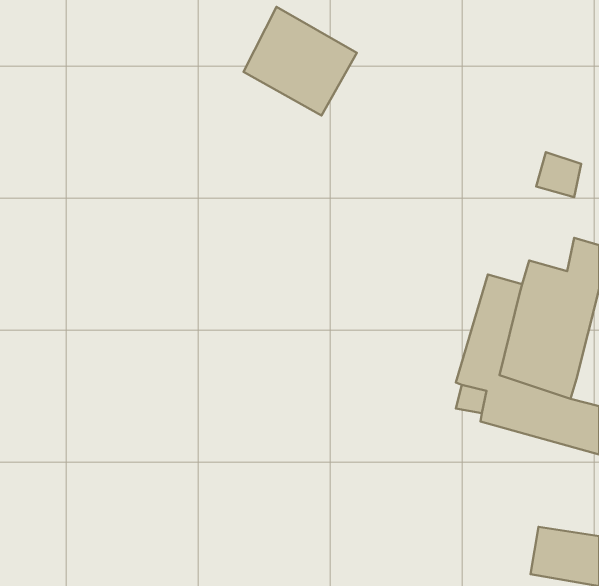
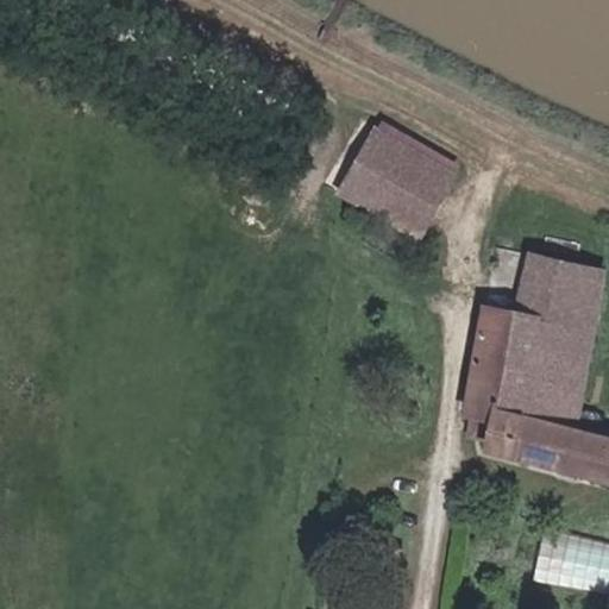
building: [243,7,357,116] -> [340,118,454,227]
building: [536,152,581,197] -> [532,246,577,291]

